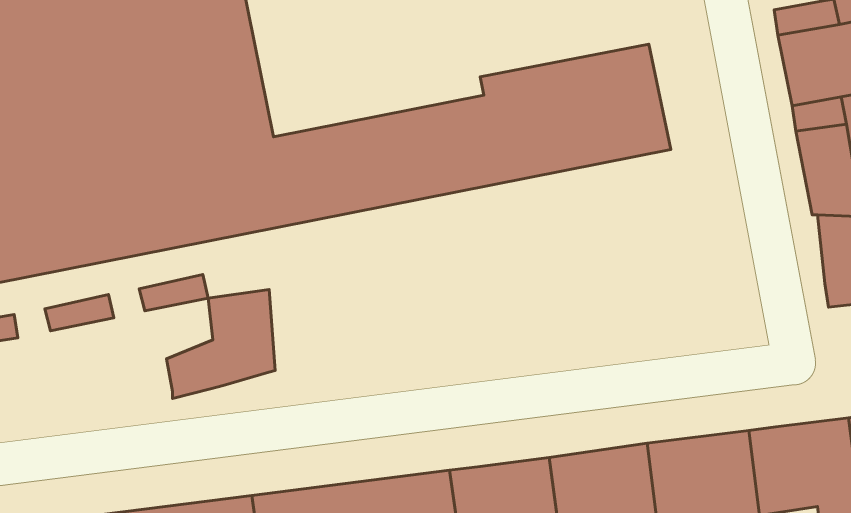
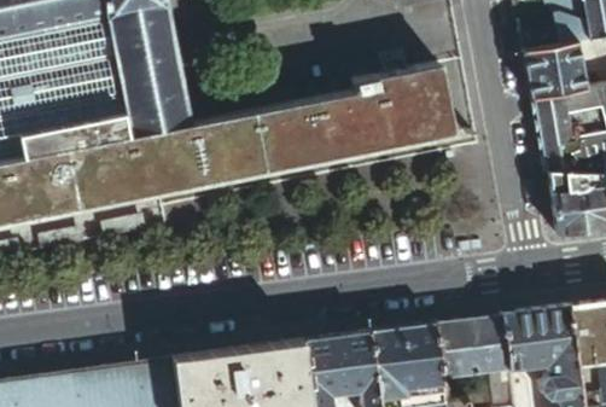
building: [166,290,275,398] -> none

